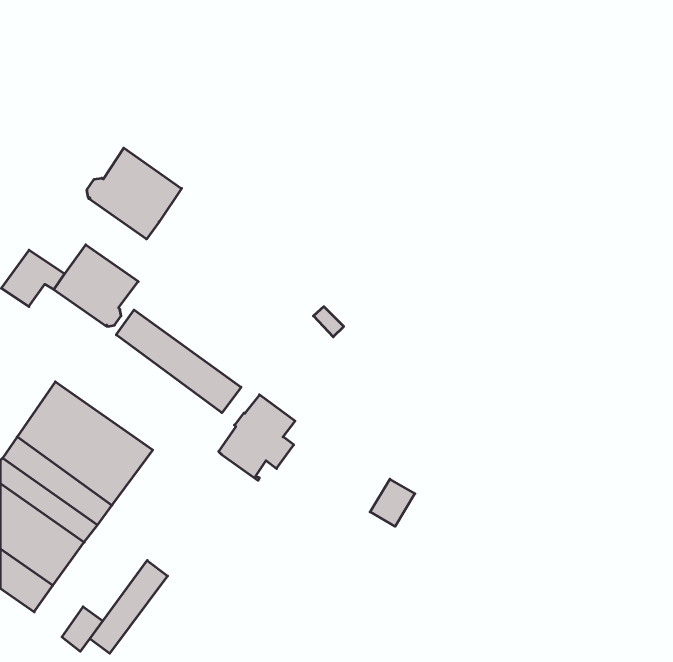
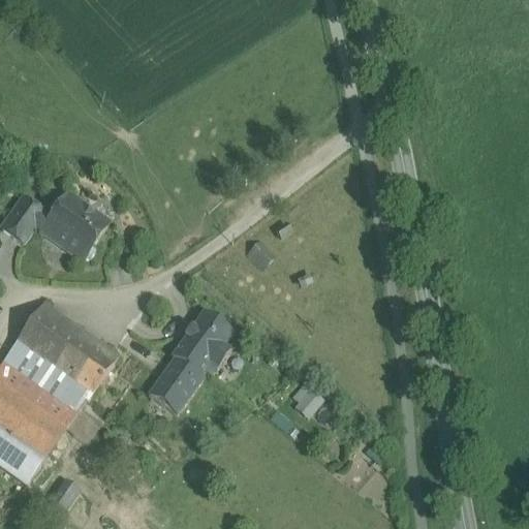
building: [87,148,182,239] -> none
building: [116,310,241,413] -> none
building: none -> [148,356,203,412]
building: [90,560,168,653] -> none

